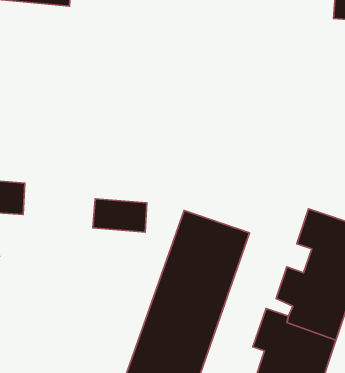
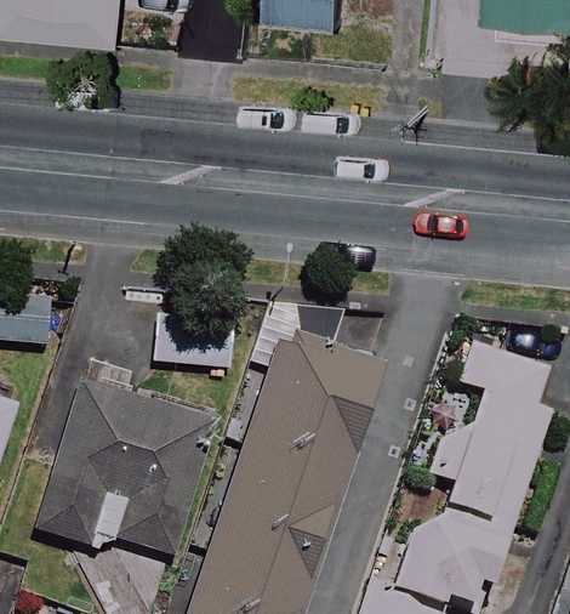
building: none -> [38,382,211,556]

